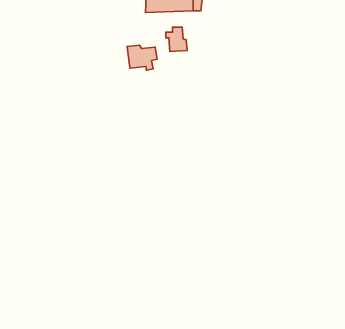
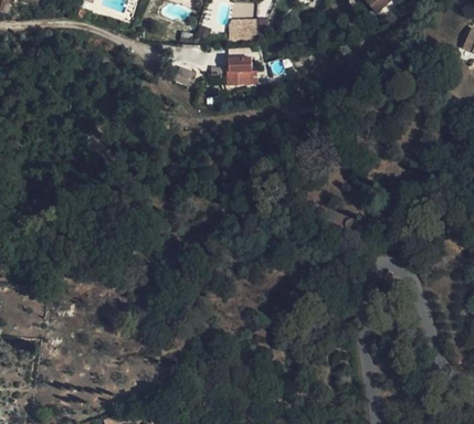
building: [127,45,157,70] -> none

